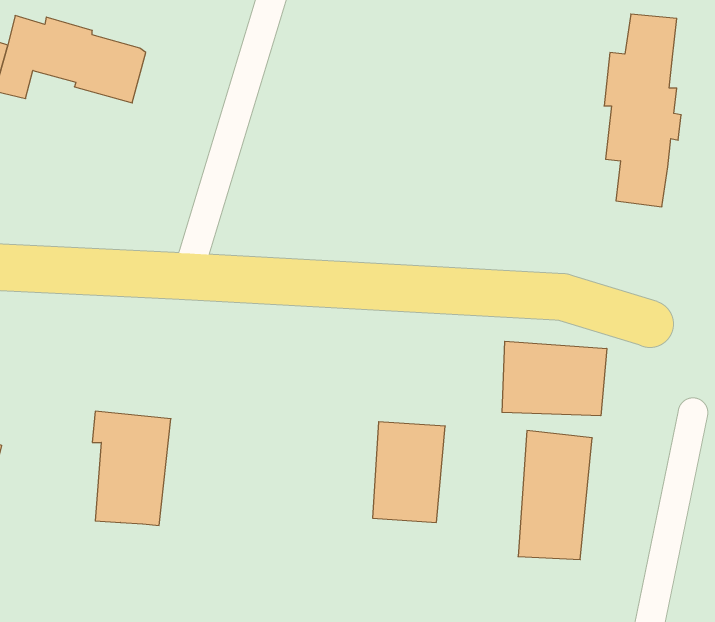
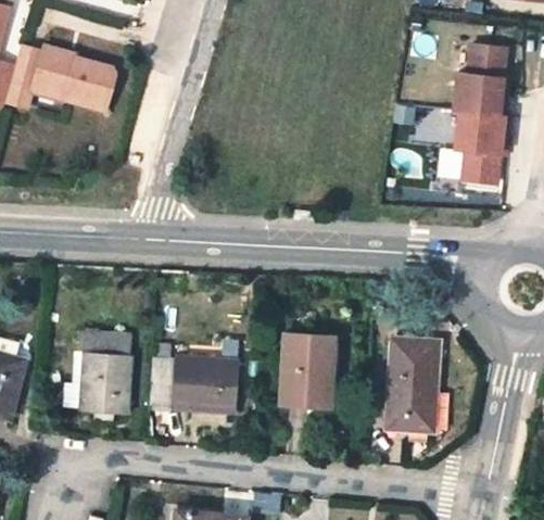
building: [502,341,607,416] -> none
building: none -> [149,357,239,417]

